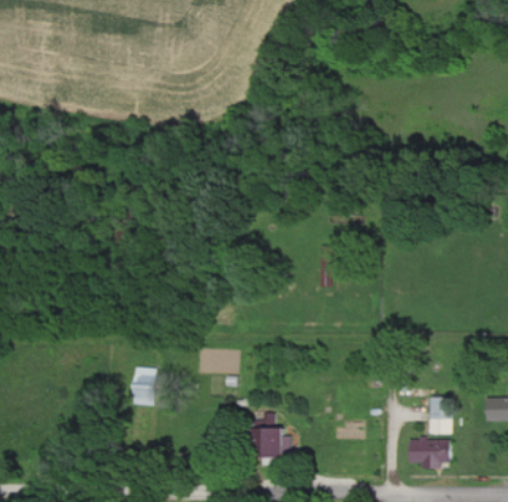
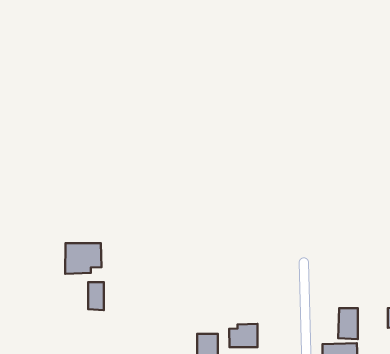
building: none -> [65,243,101,274]
building: none -> [229,324,258,347]

